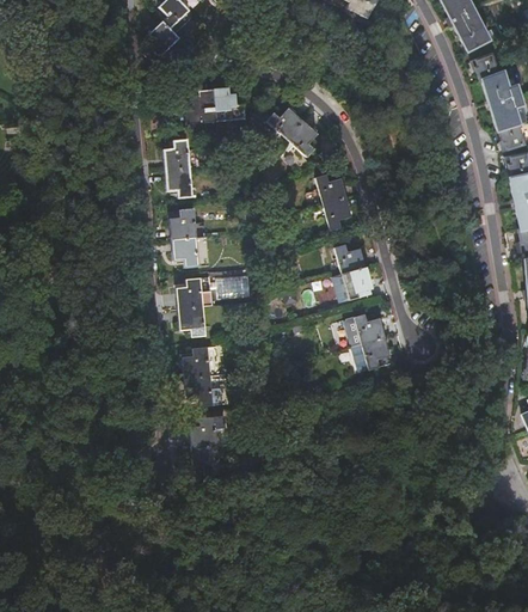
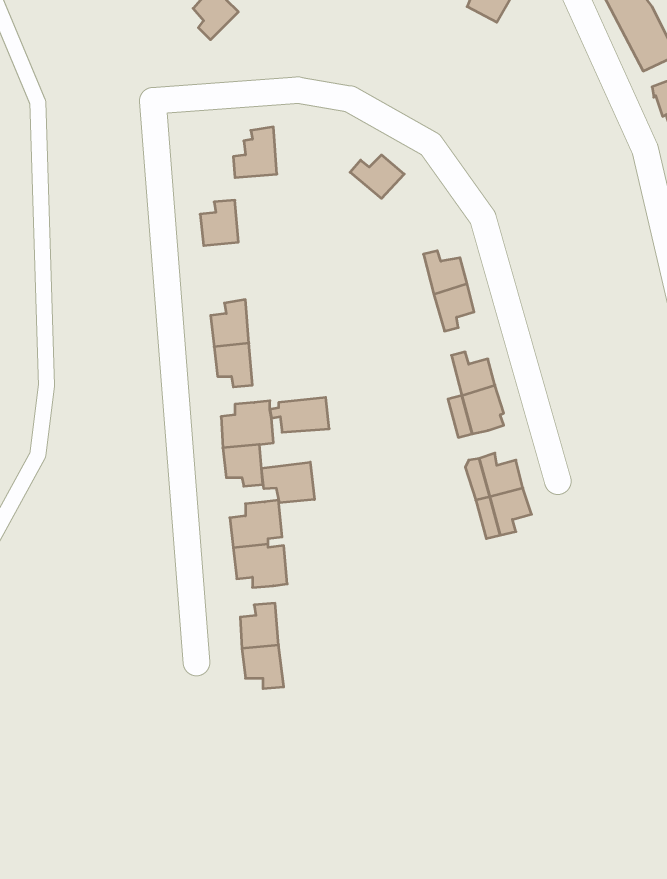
building: [148,20,179,57] -> none
building: [214,87,245,121] -> none
building: [288,121,318,155] -> none
building: [166,167,194,197] -> none
building: none -> [261,462,314,503]

